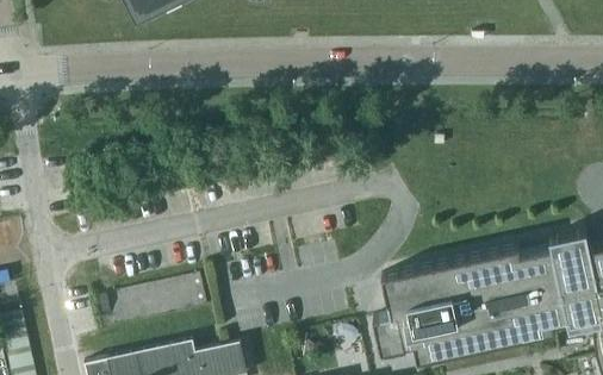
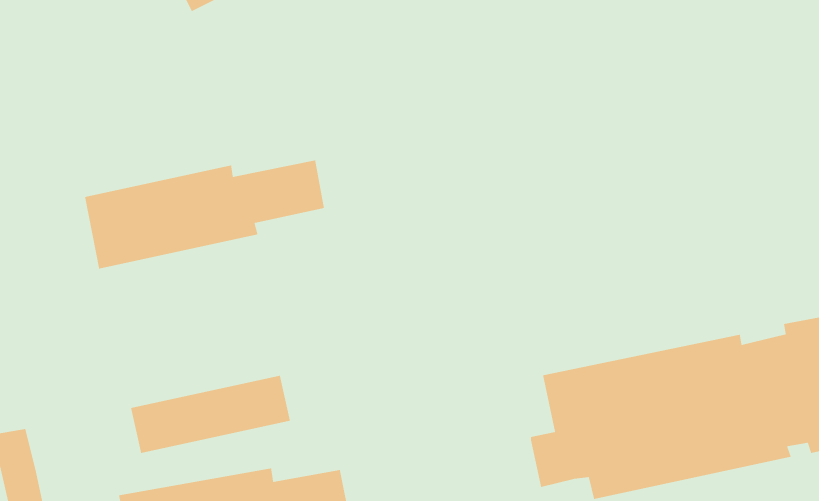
building: none -> [84,159,325,270]

